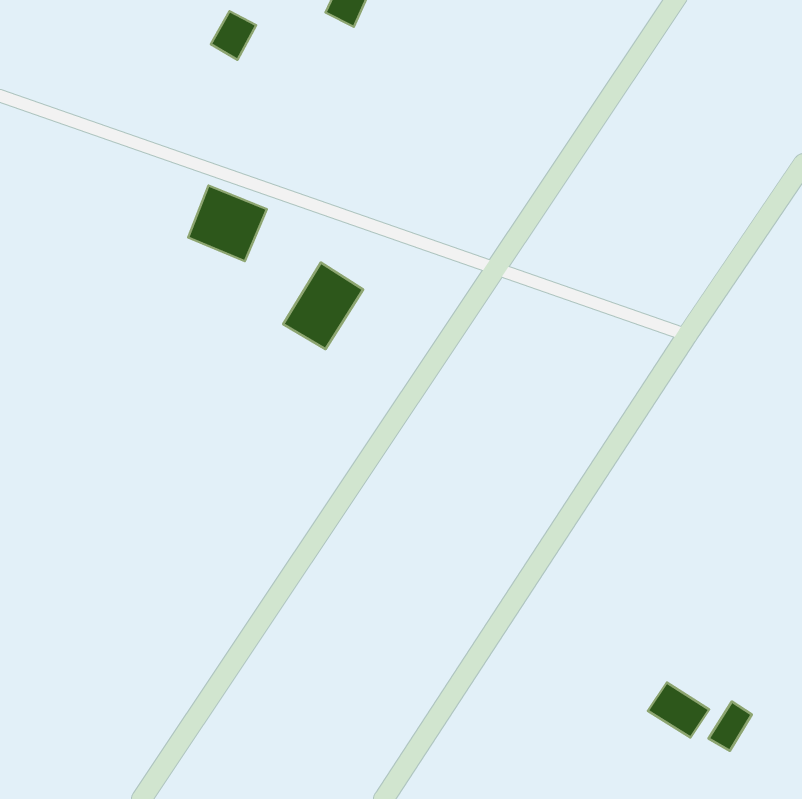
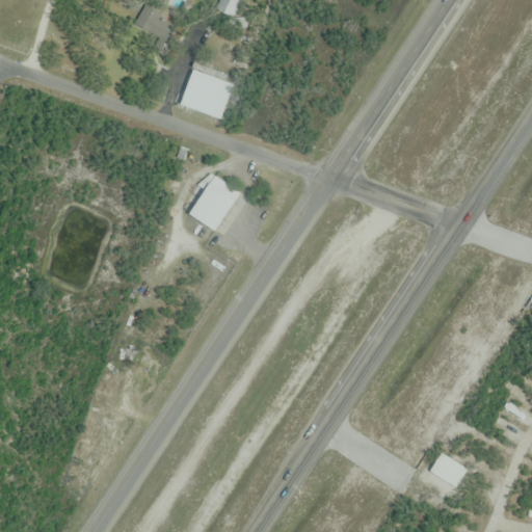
building: [188,186,267,261] -> [180,68,232,117]
building: [708,701,752,751] -> none

